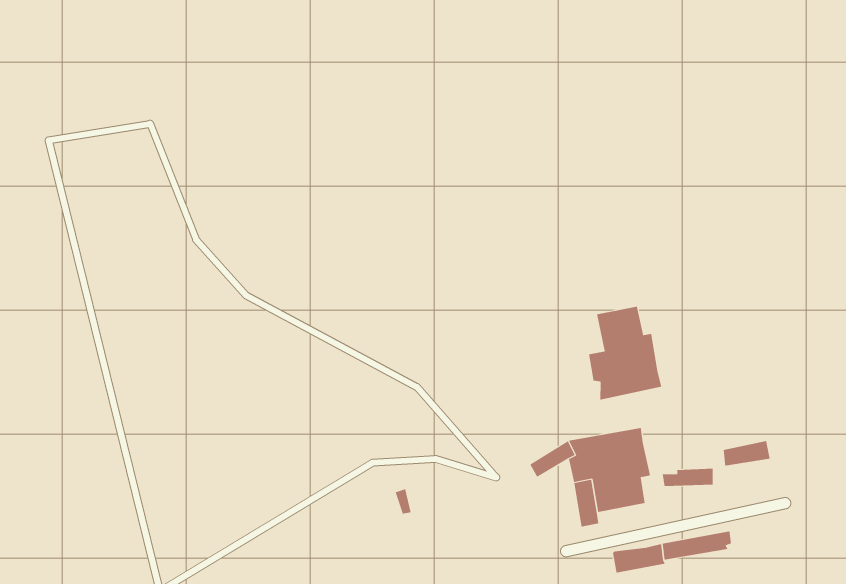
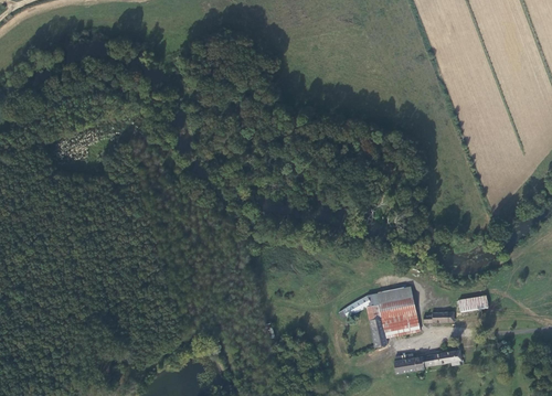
building: [589,306,662,401] -> none

